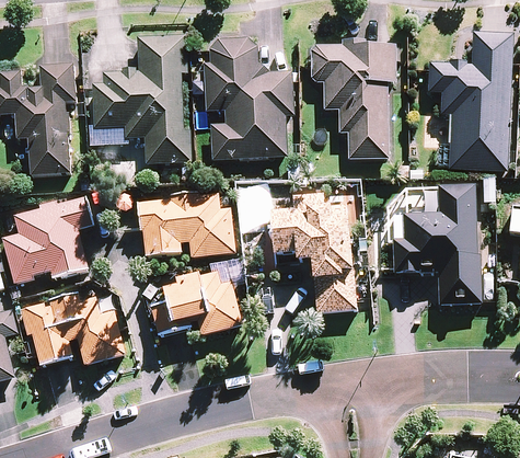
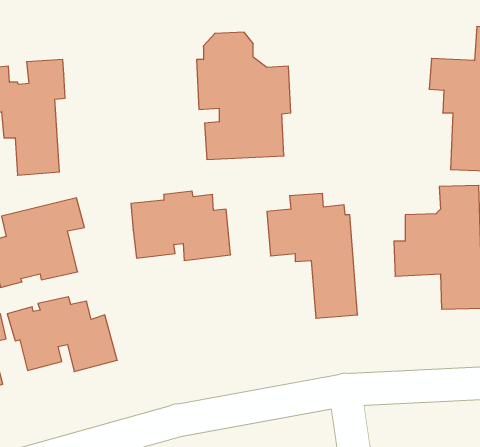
building: [92,35,192,164] -> none
building: [310,39,395,159] -> none
building: [151,271,242,335] -> none

